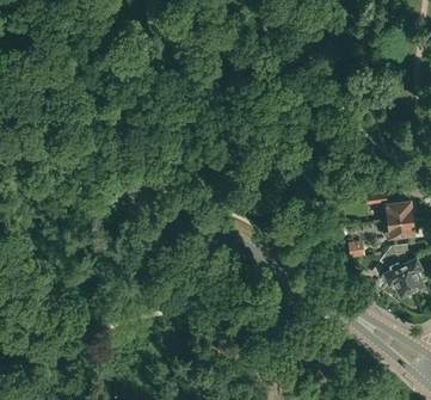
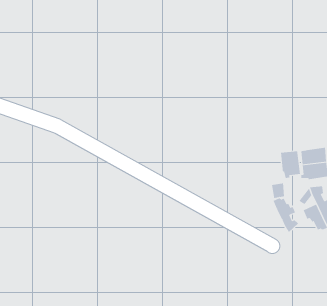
building: none -> [281,150,301,179]
building: none -> [273,197,299,233]

